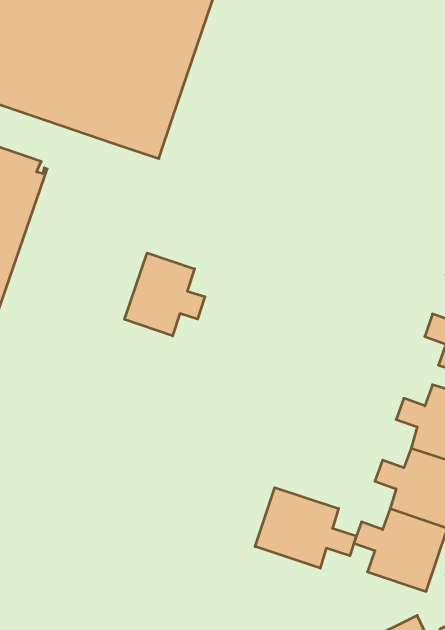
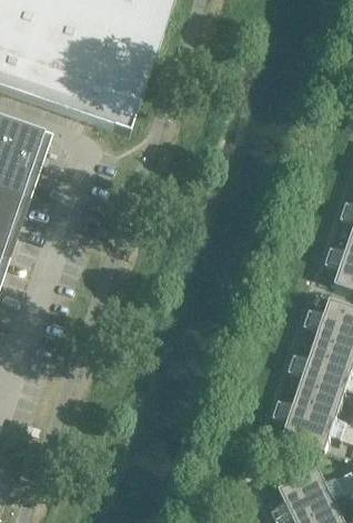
building: [124,253,205,336] -> none
building: [255,488,356,568] -> none

